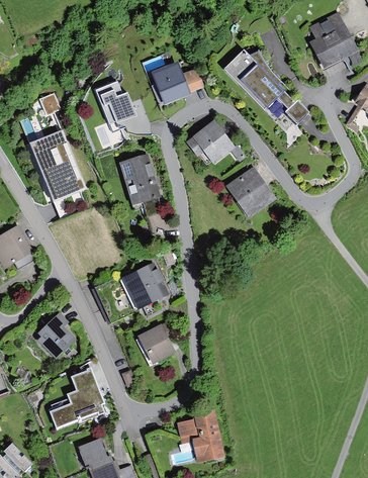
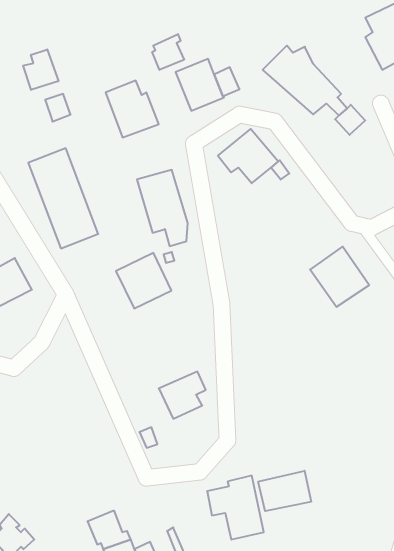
building: none -> [152,34,184,70]
building: none -> [23,49,58,90]
building: [225,167,275,217] -> [310,247,369,307]
building: [122,263,169,309] -> [116,253,171,308]
building: [36,312,76,360] -> none
building: [50,367,104,429] -> none
building: none -> [258,471,311,511]

